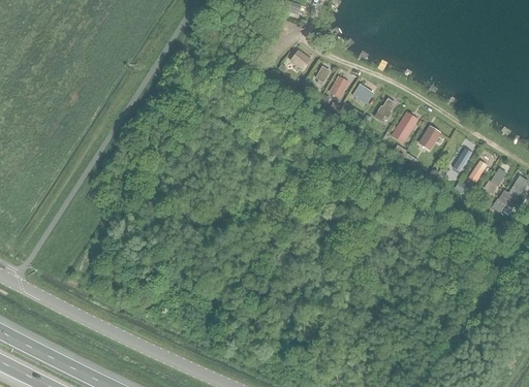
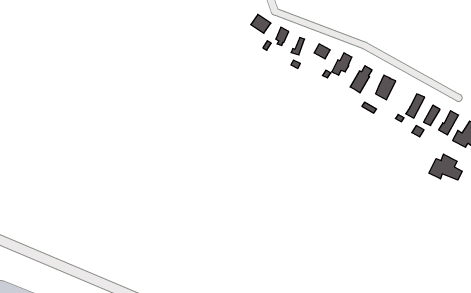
building: none -> [429,154,462,180]

